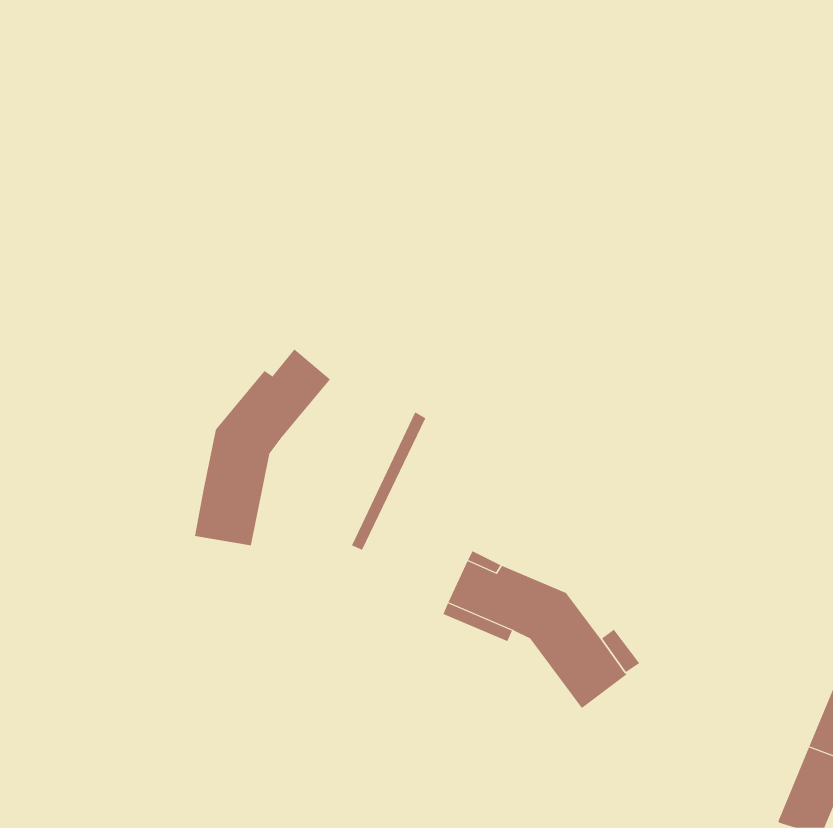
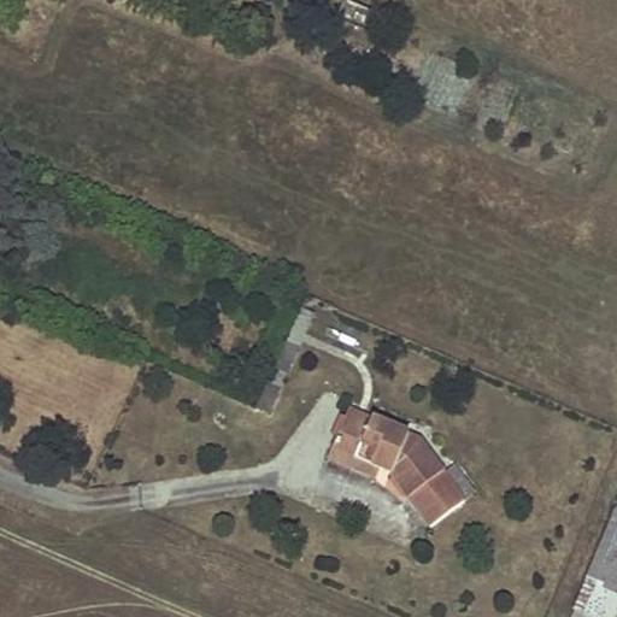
building: [194,349,331,546] -> none

